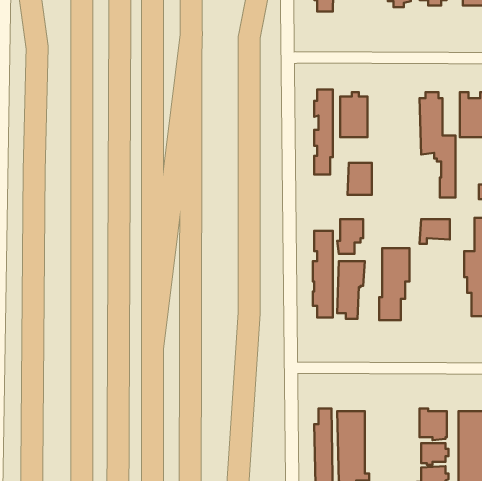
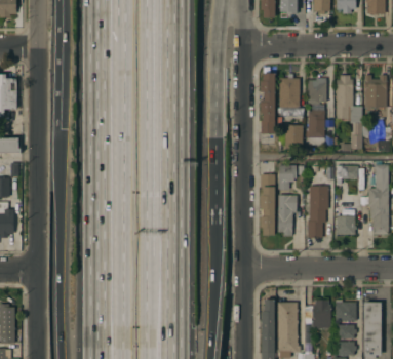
building: none -> [307,78,332,146]
building: none -> [336,209,356,235]
building: none -> [312,300,330,329]

